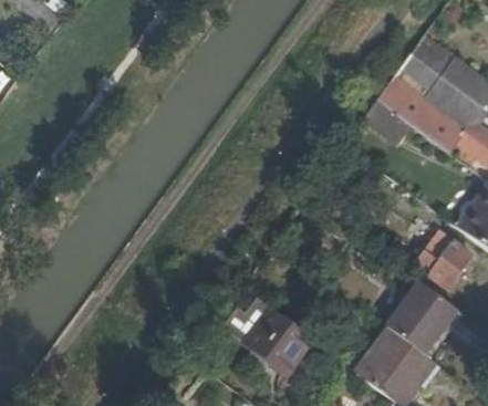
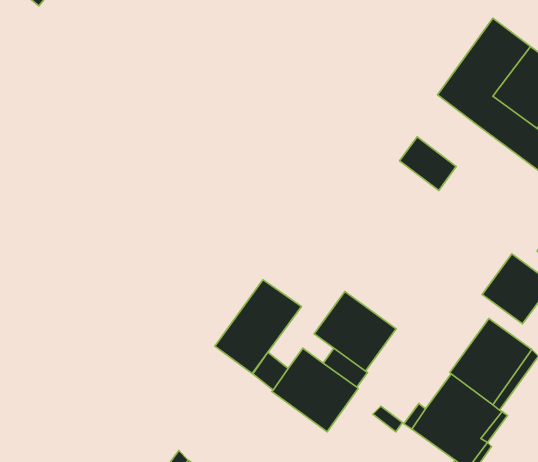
building: [364,100,411,144] -> [400,137,456,191]
building: none -> [215,280,301,373]
building: none -> [314,291,396,371]

